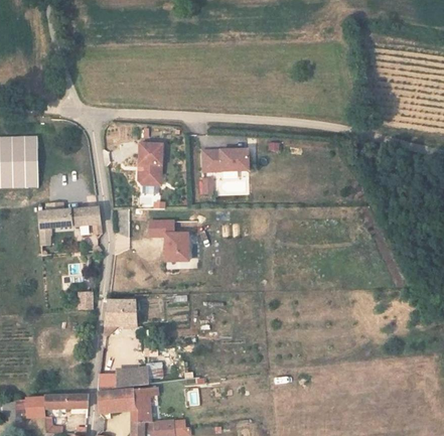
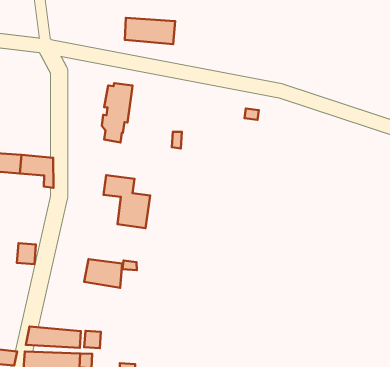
building: [202,143,249,166] -> [125,18,175,44]
building: [102,303,135,325] -> [84,259,122,288]

